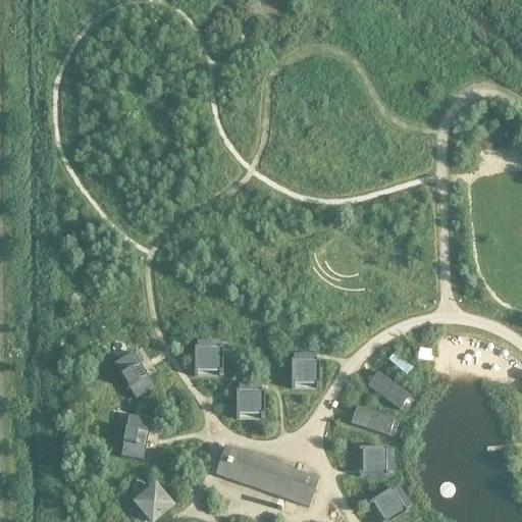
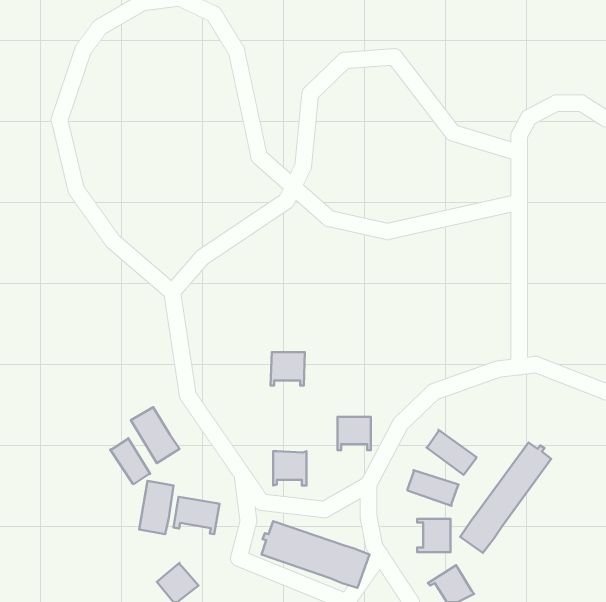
building: [193,345,222,373] -> [270,352,305,385]
building: none -> [110,438,150,484]
building: none -> [460,443,551,553]
building: none -> [173,497,219,534]

